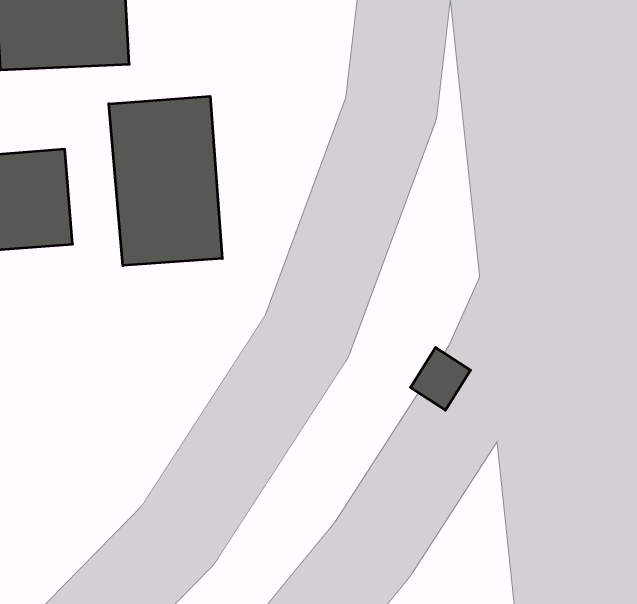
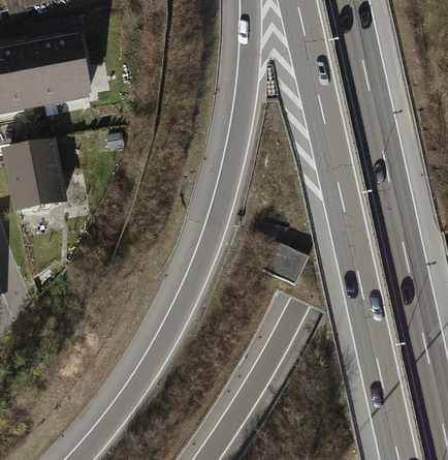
building: [109,96,222,266] -> none

